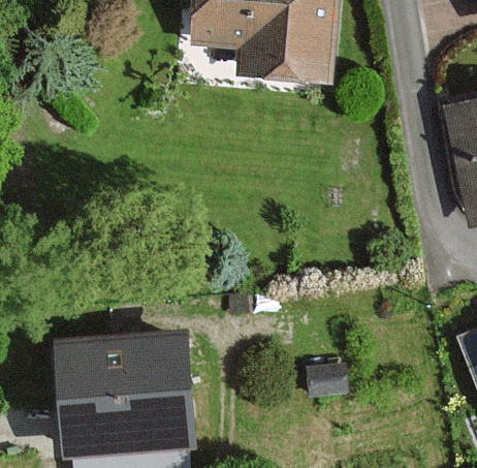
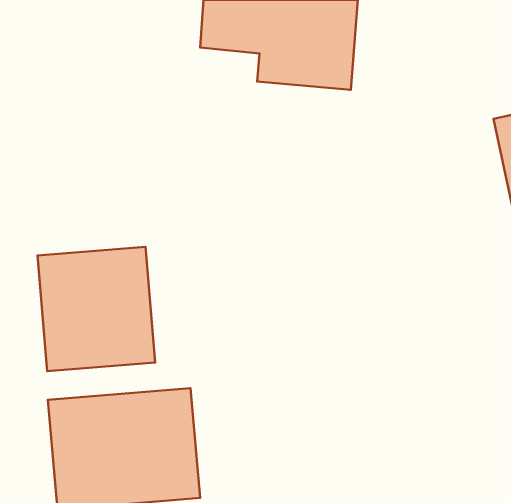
building: none -> [38,247,155,371]

